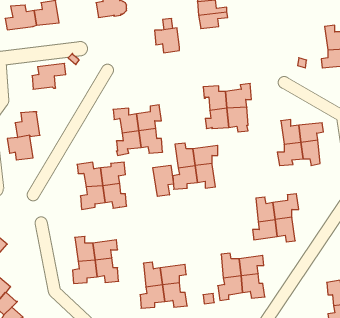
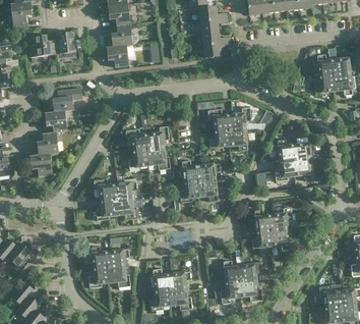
building: [155,28,179,53] -> [106,44,128,66]
building: none -> [45,109,71,132]
building: [153,165,173,196] -> none

